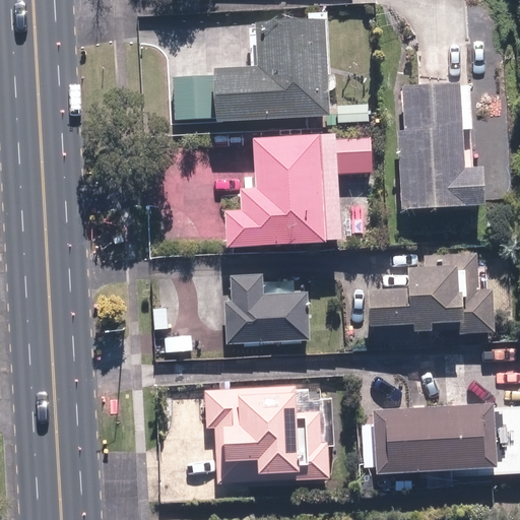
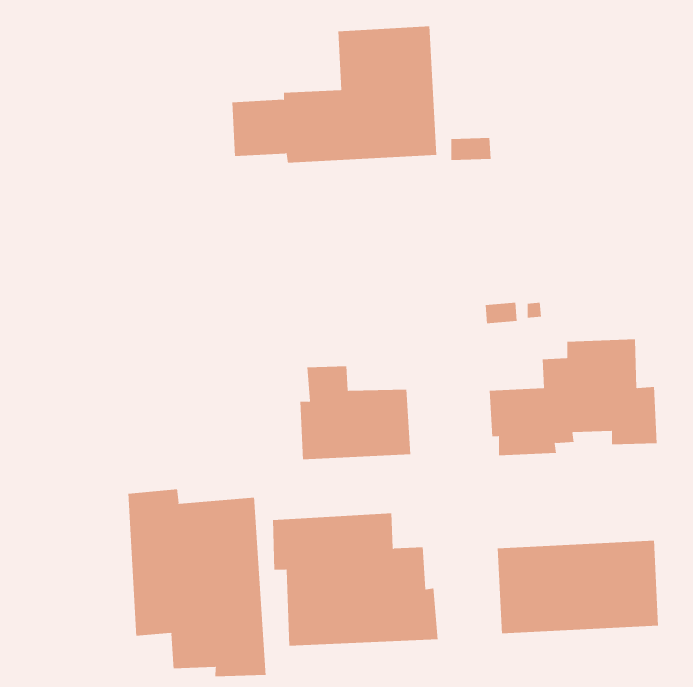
building: [398,83,481,208] -> none
building: [223,134,372,248] -> none
building: none -> [128,489,266,677]

